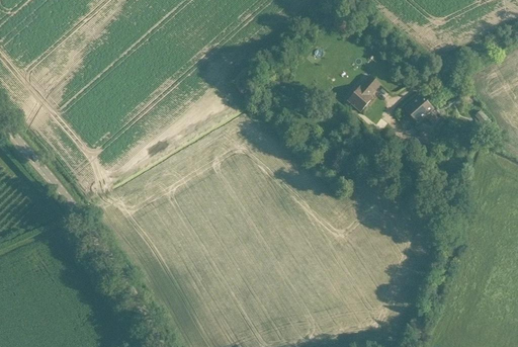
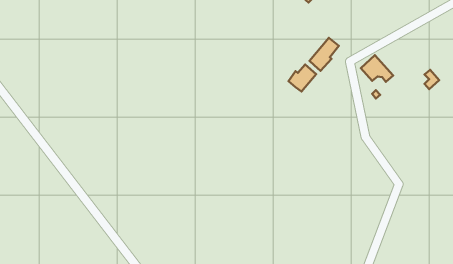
building: none -> [288,65,316,92]

